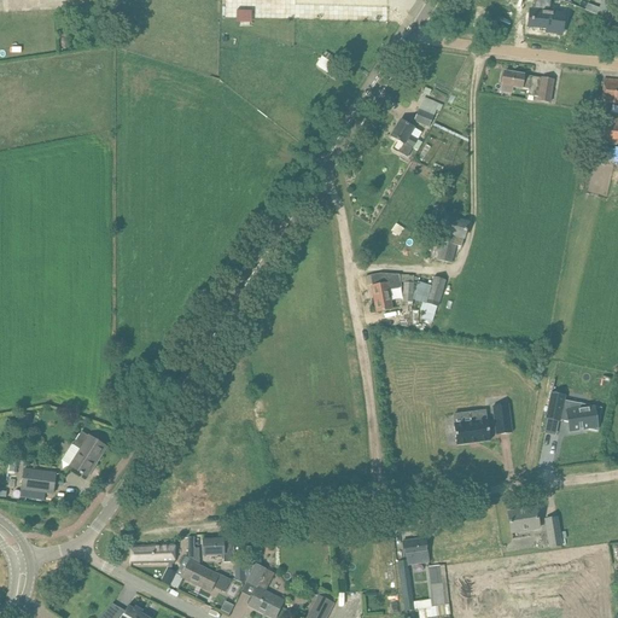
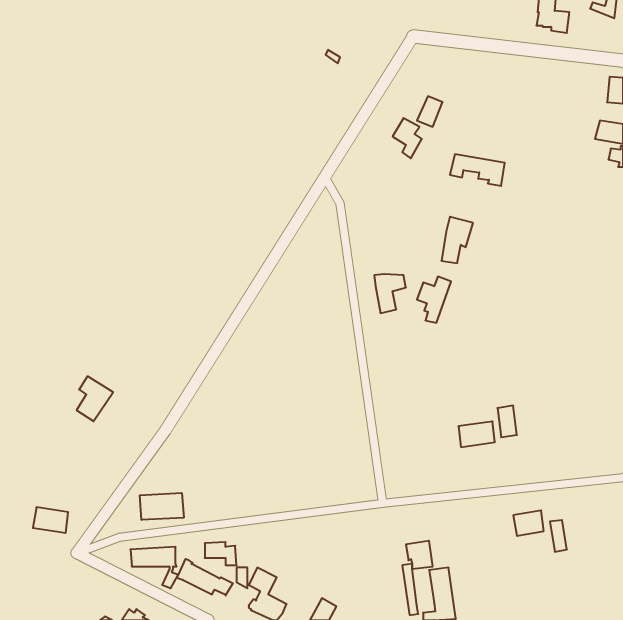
building: [500,70,554,101] -> [450,154,505,186]
building: [546,392,601,430] -> none
building: [70,430,106,474] -> [77,376,113,421]
building: [21,467,56,492] -> [33,507,68,533]
building: none -> [140,493,184,520]

